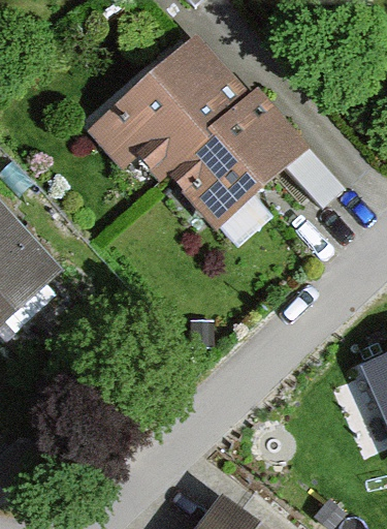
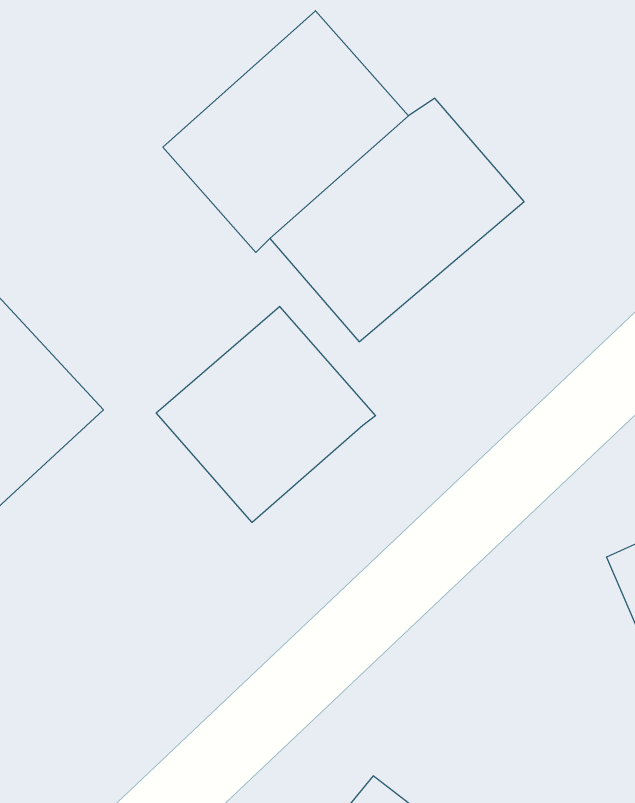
building: none -> [156,306,375,522]

